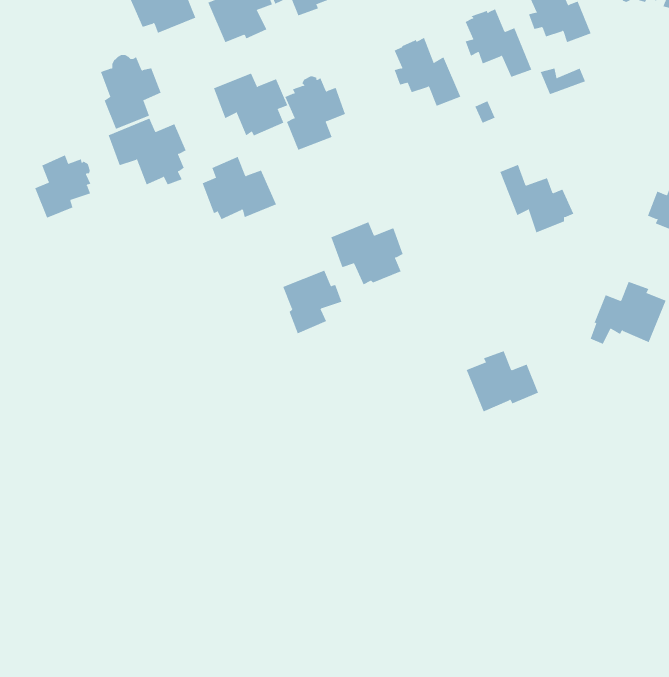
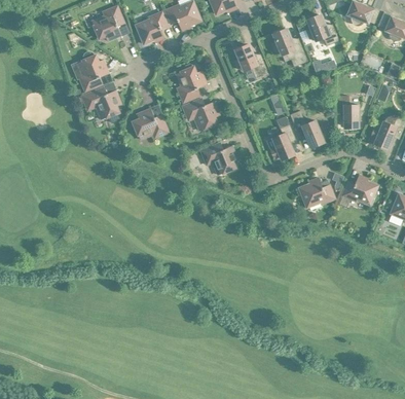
building: [213,73,288,136] -> [180,97,220,131]
building: none -> [337,95,360,129]
building: [34,155,91,218] -> none
building: none -> [267,115,295,160]
building: [283,270,342,334] -> none
building: [466,351,539,412] -> [296,176,335,209]

